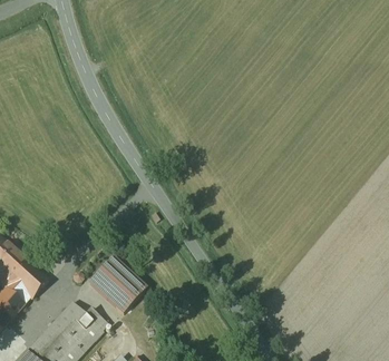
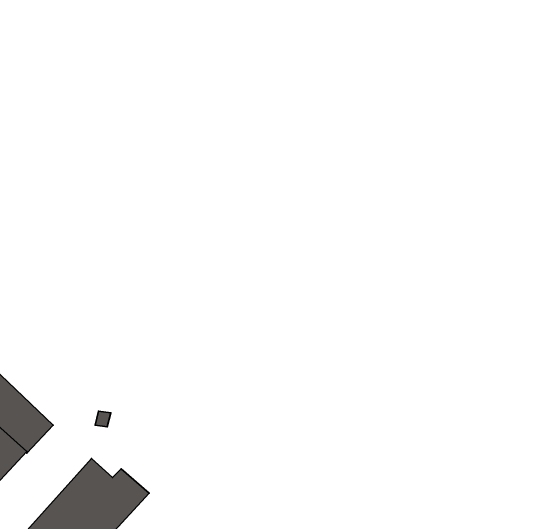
building: [89,255,146,311] -> none

